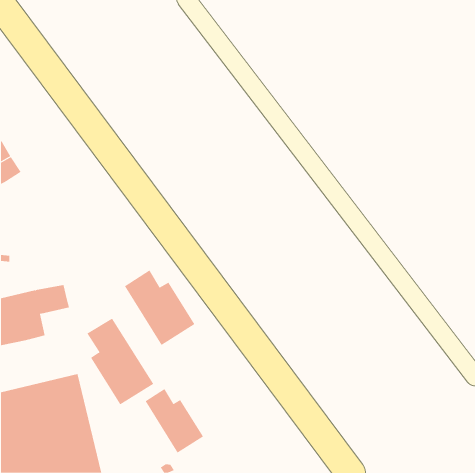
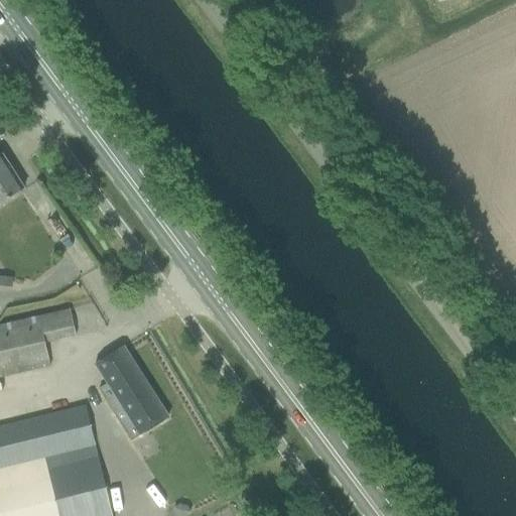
building: [124,270,195,346] -> none
building: [145,388,204,453] -> none

